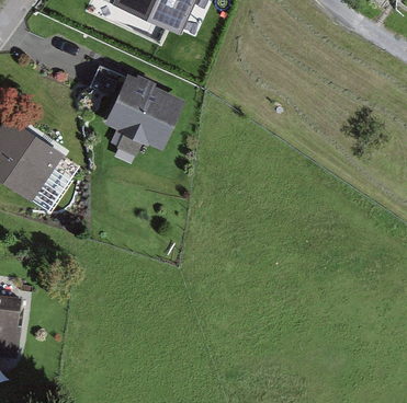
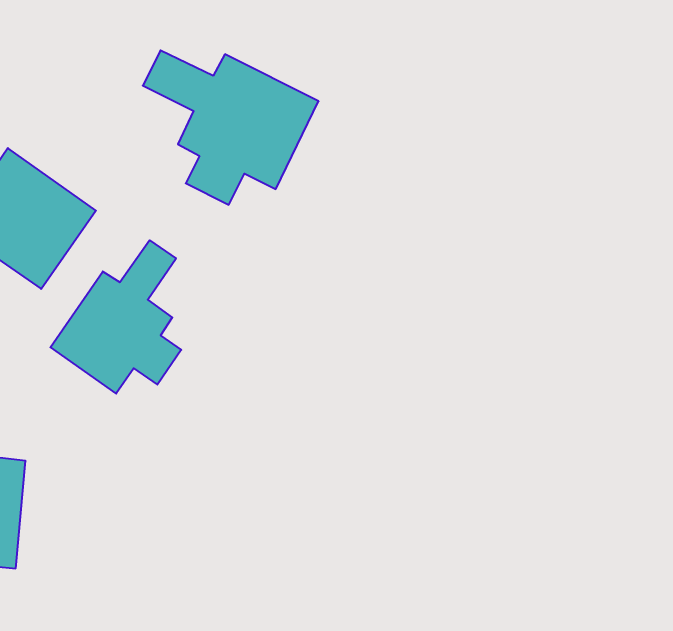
building: none -> [50,240,181,394]

